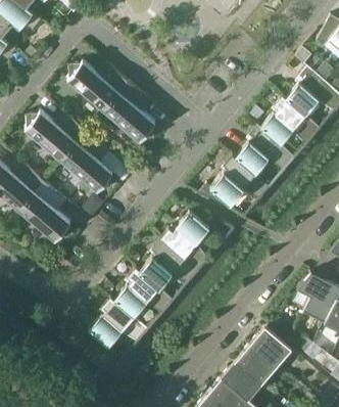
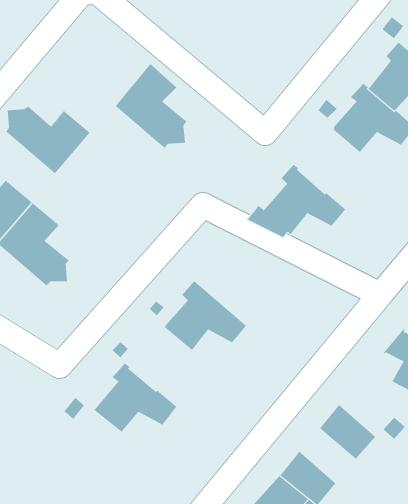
building: [66,62,129,112] -> none
building: [235,125,295,176] -> none
building: [60,132,112,193] -> none
building: [160,212,209,271] -> none
building: [113,268,174,318] -> none
building: [236,345,277,385] -> none

